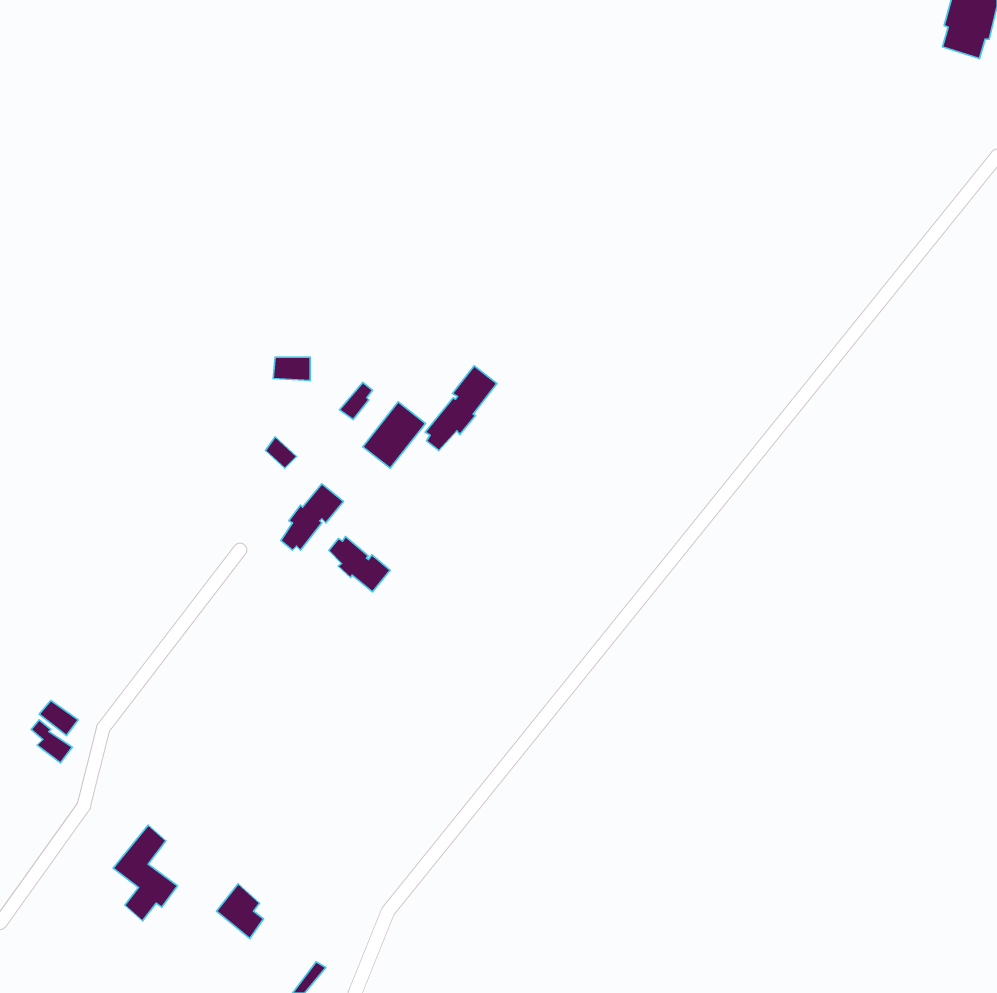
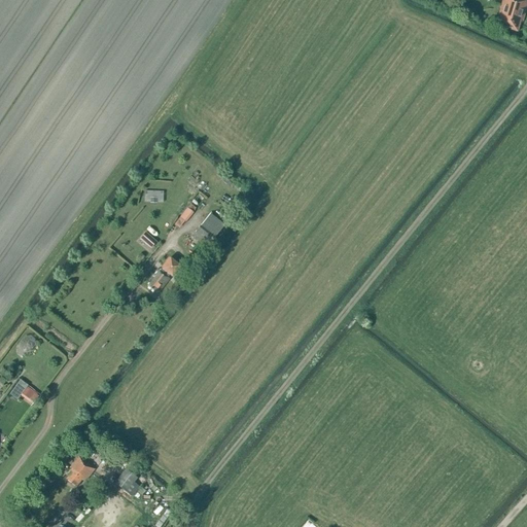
building: [425,366,497,450] -> none
building: [329,536,390,592] -> none

